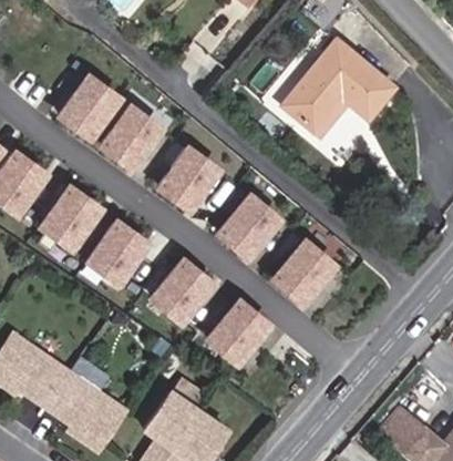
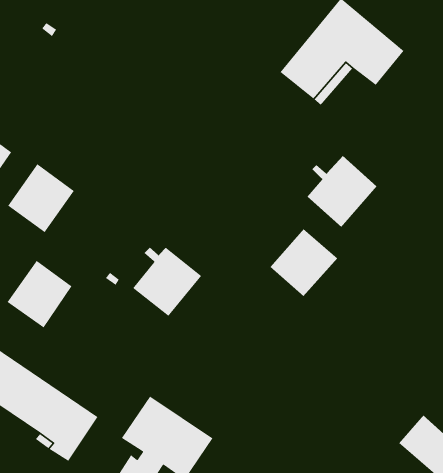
building: [58,75,219,209] -> none
building: [217,195,280,259] -> [306,155,378,228]
building: [89,222,147,283] -> [6,260,73,329]
building: [208,298,270,363] -> none

